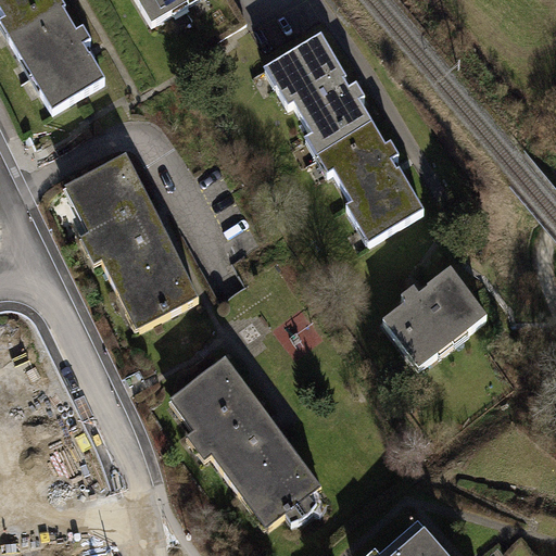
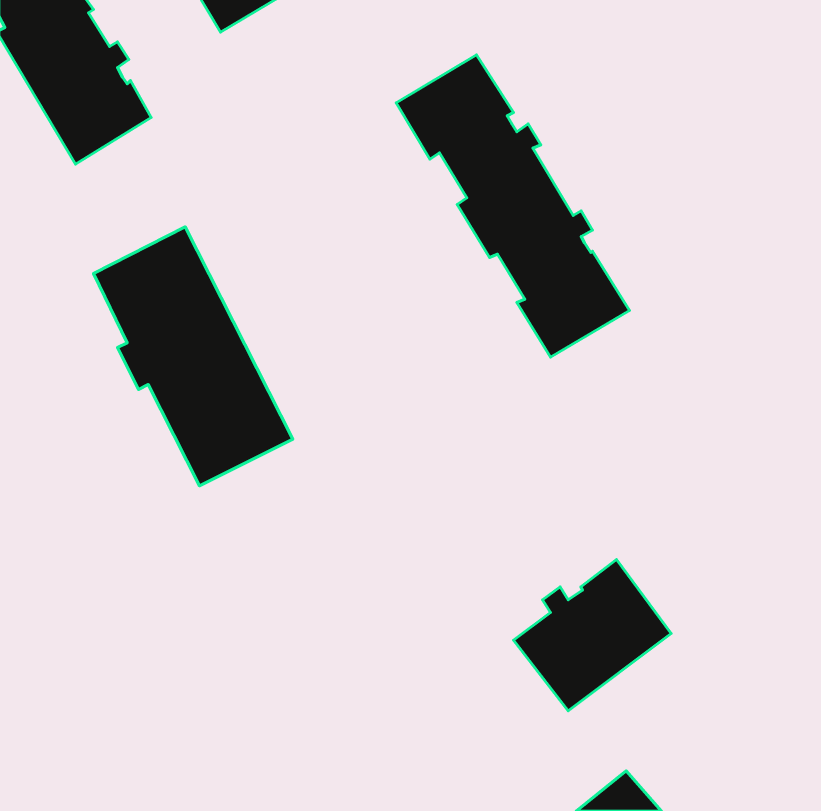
building: [381,265,488,367] -> [513,560,671,711]
building: [170,356,323,528] -> none

